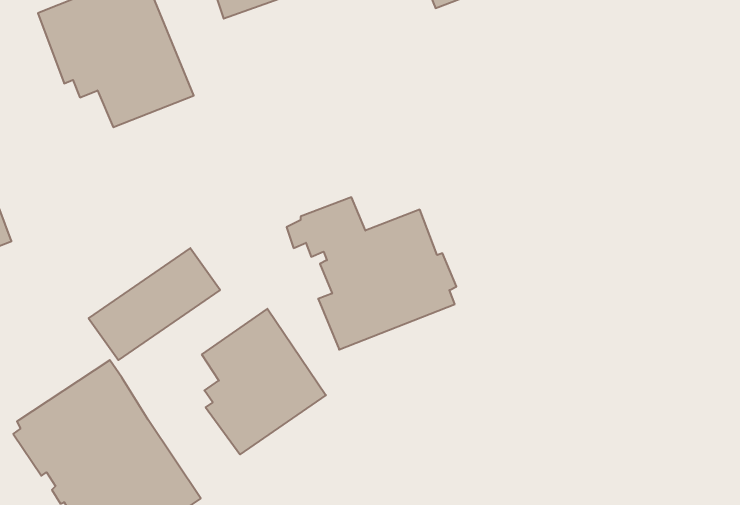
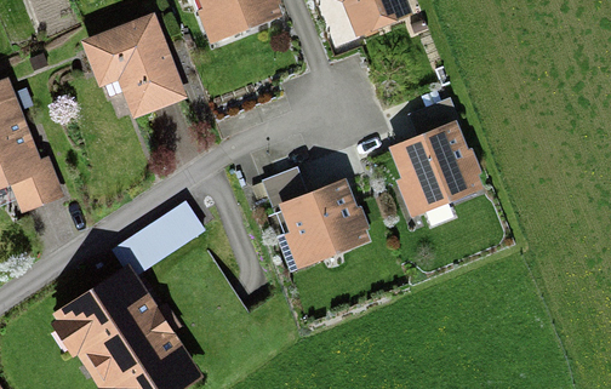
building: none -> [388,97,482,216]
building: [202,309,326,454] -> none

